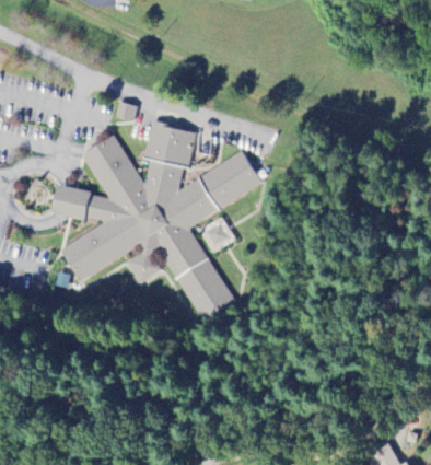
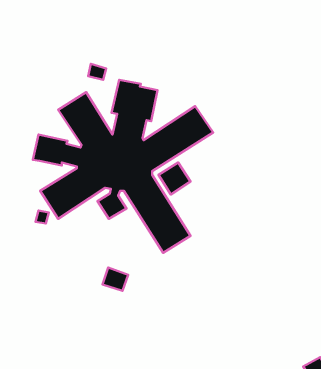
building: none -> [103,268,128,291]

